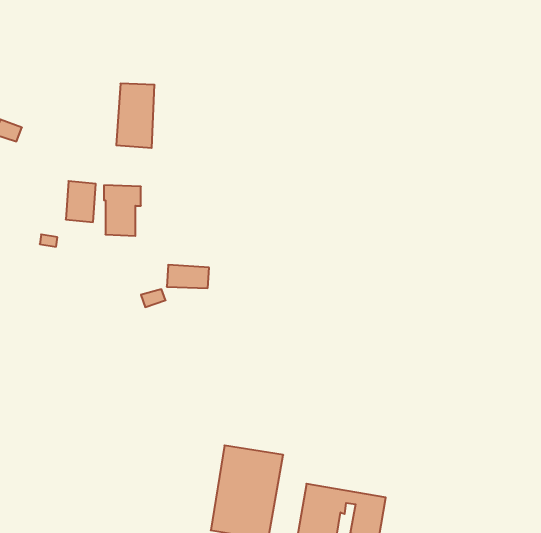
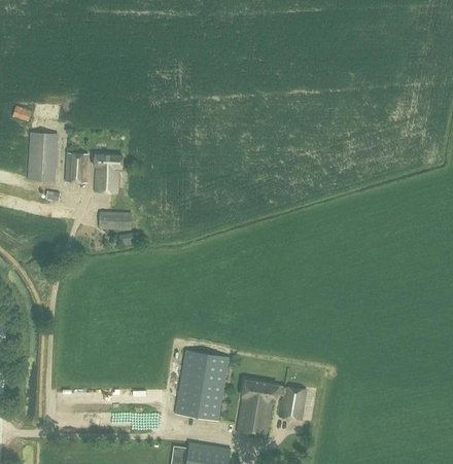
building: [116,84,155,148] -> [28,133,57,181]
building: [167,265,209,288] -> [99,211,131,228]

